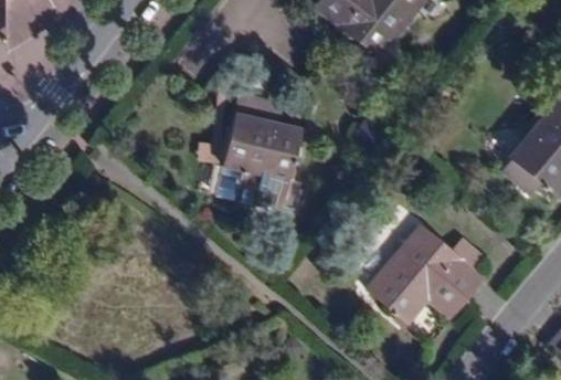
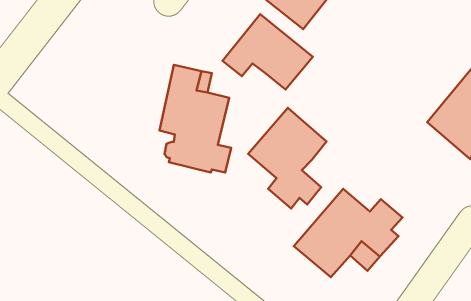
building: none -> [223,14,313,90]
building: none -> [248,108,326,208]

